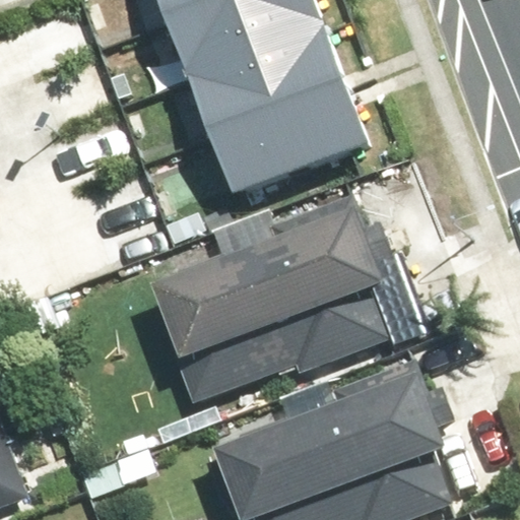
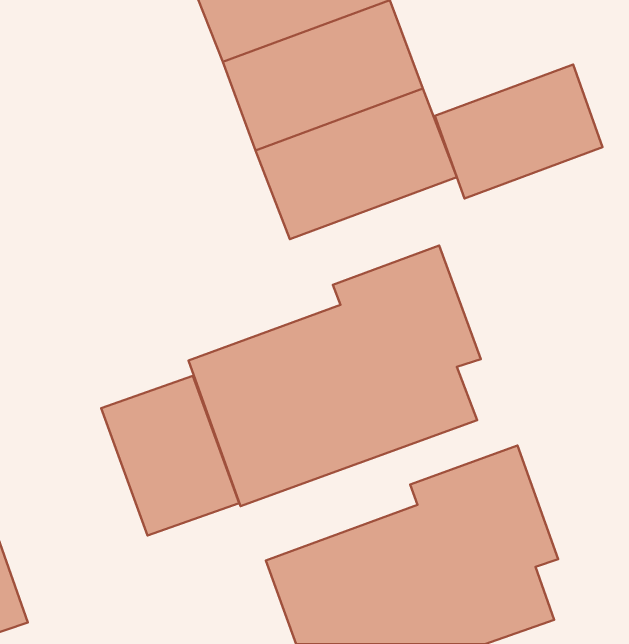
building: none -> [435,65,603,198]
building: none -> [101,376,239,535]

